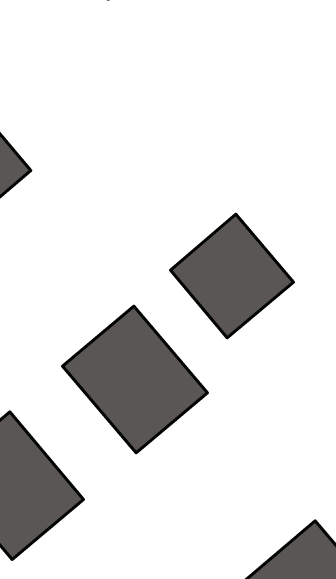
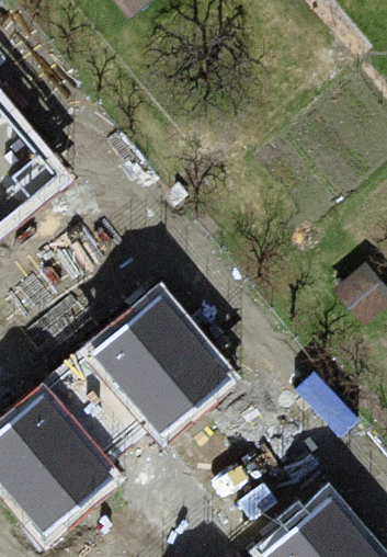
building: [170,214,293,338] -> none

